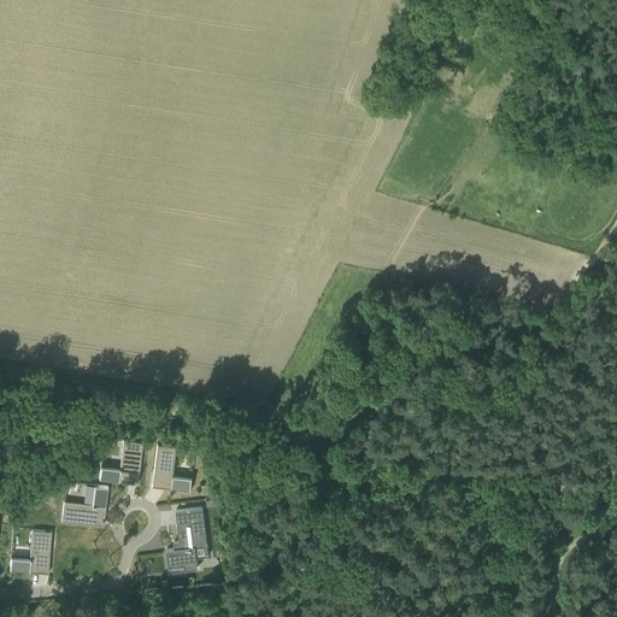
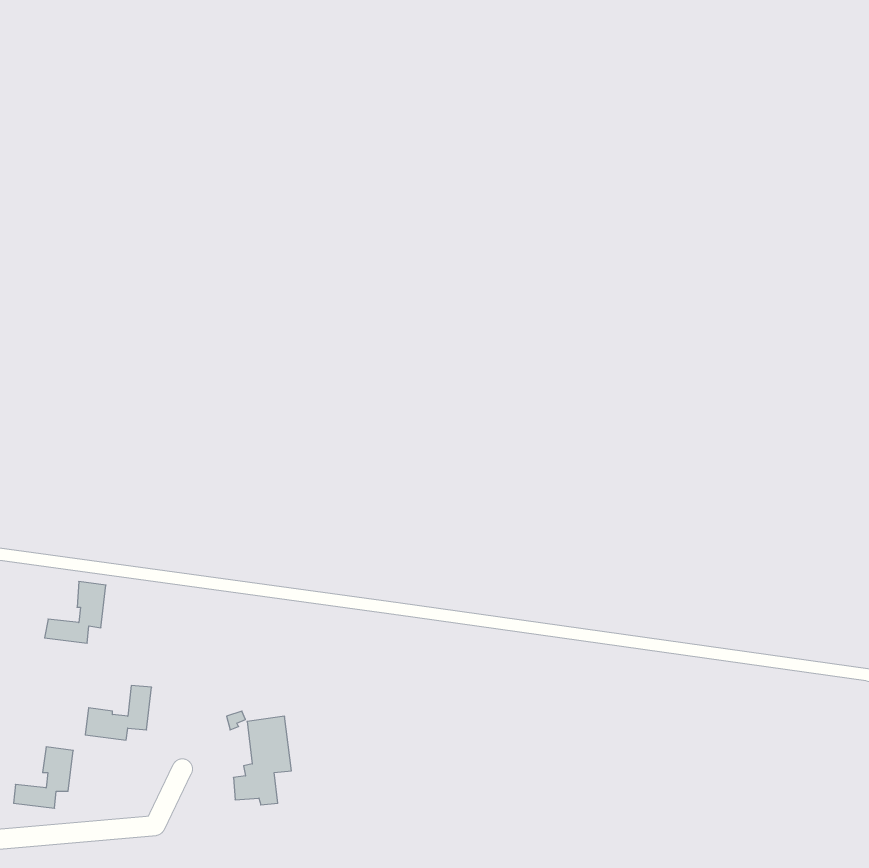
building: [98,441,141,484] -> [45,582,106,643]
building: [155,446,193,494] -> none

